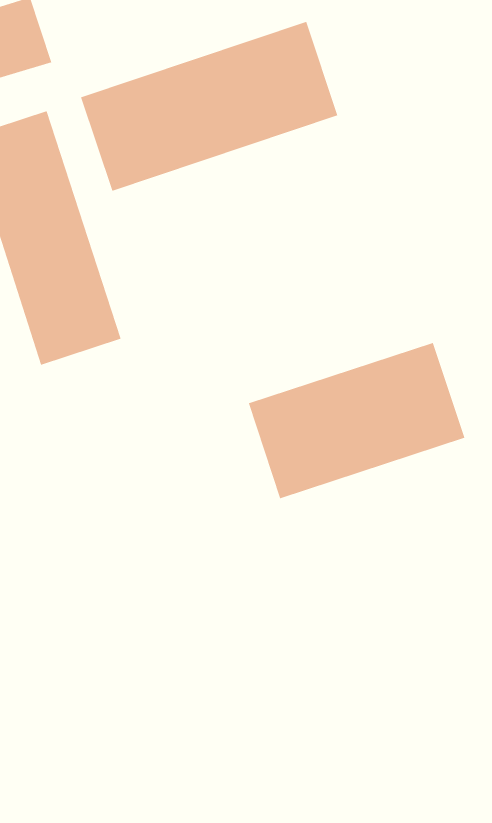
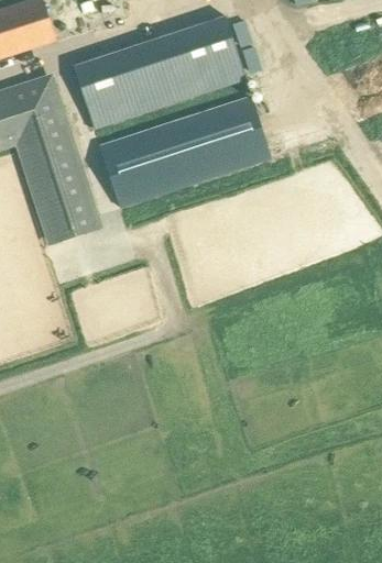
building: none -> [100,96,271,207]
building: [248,342,465,499] -> none

